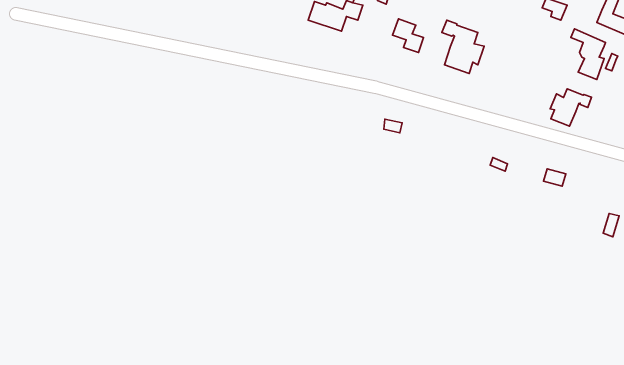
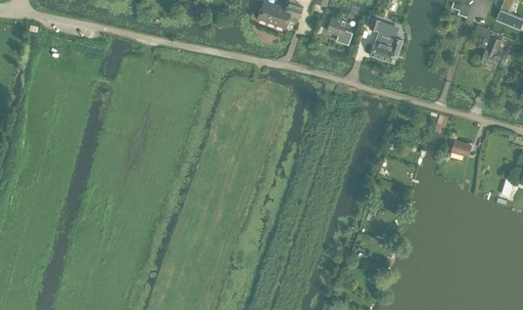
building: [550,89,592,126] -> none

